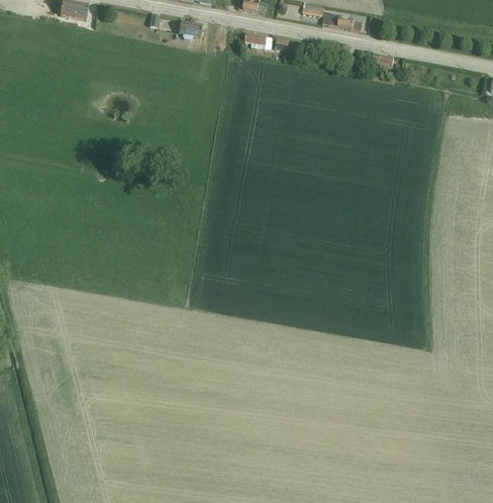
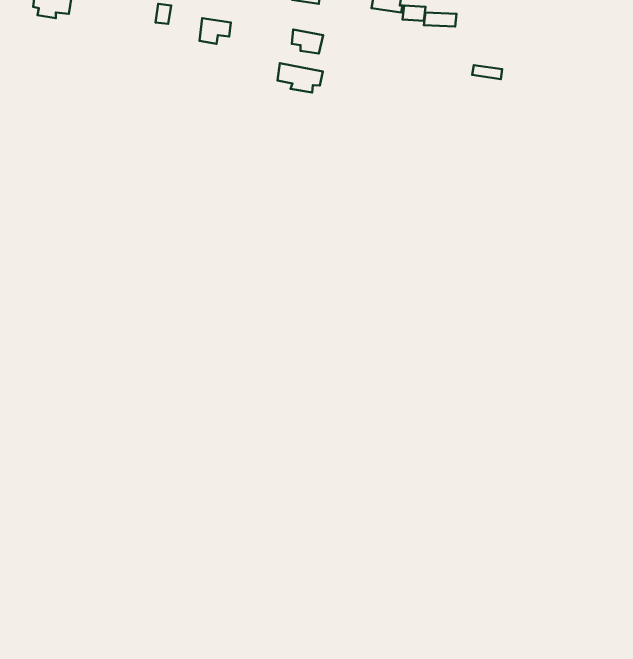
building: none -> [278,63,323,92]

